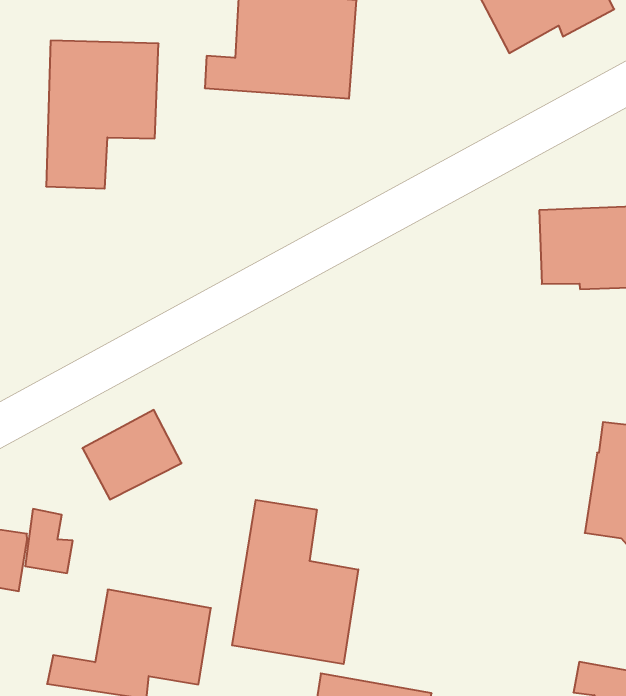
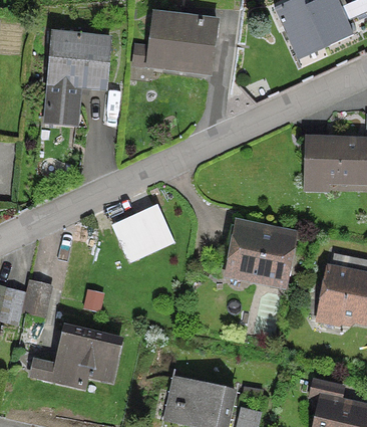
building: none -> [227,223,292,281]
building: [82,410,182,500] -> [116,210,168,256]
building: [232,500,358,664] -> none

